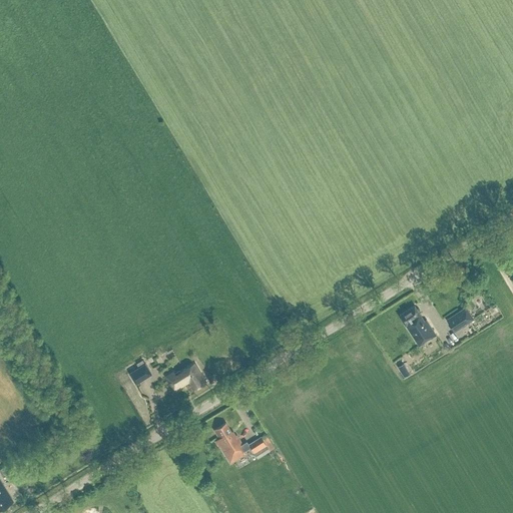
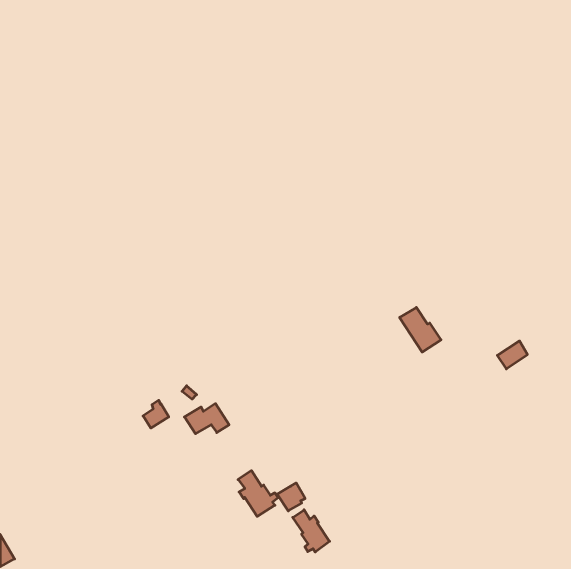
building: [399,307,436,347] -> [400,307,441,352]
building: none -> [293,510,330,552]

